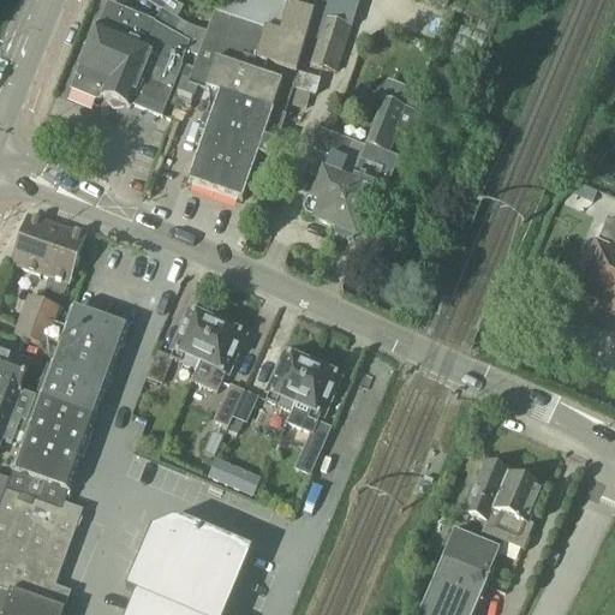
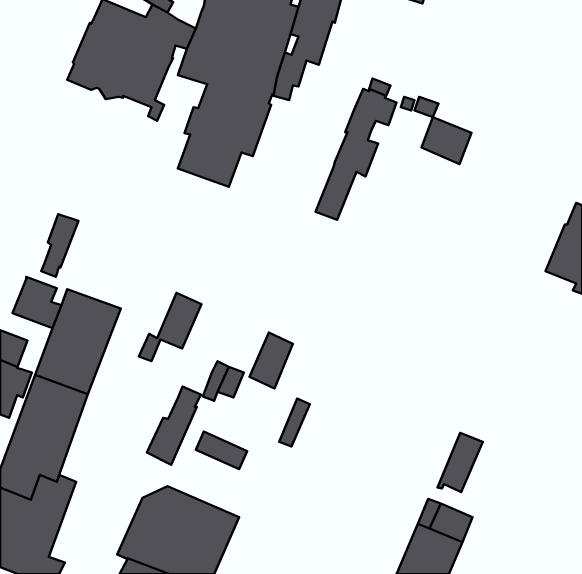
building: [301,124,354,223] -> none
building: none -> [422,117,472,164]
building: [8,215,61,277] -> none
building: [192,321,239,378] -> none
building: [289,363,335,420] -> none
building: none -> [147,386,201,465]
building: [482,467,542,545] -> none

